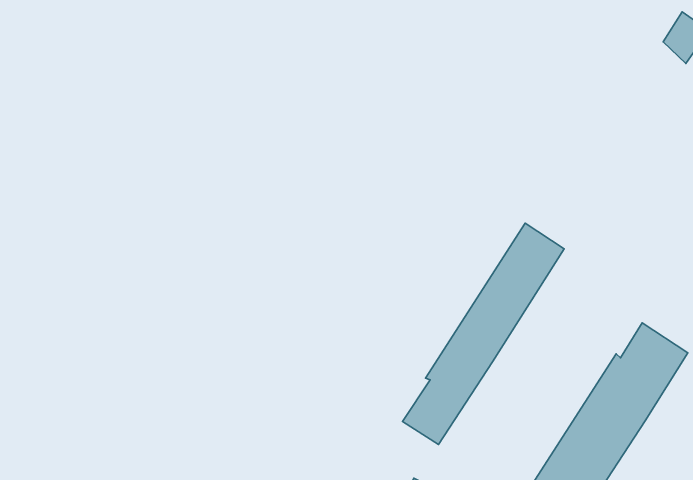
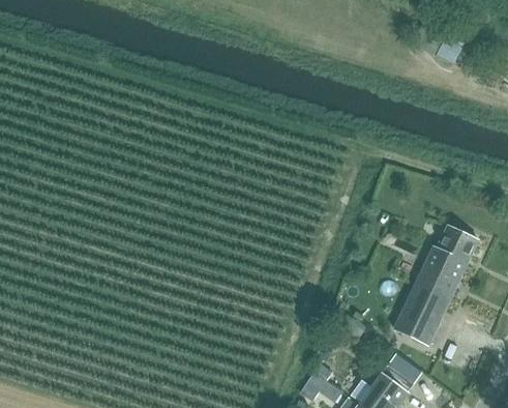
building: [402,223,564,444] -> none

